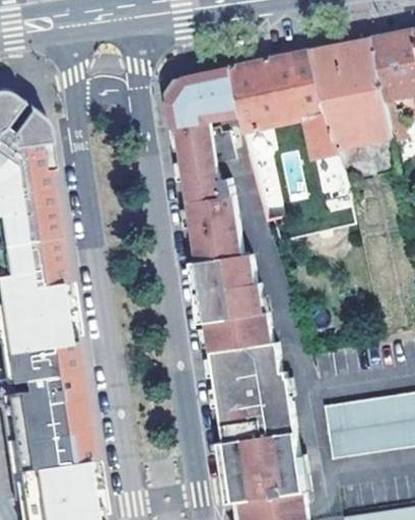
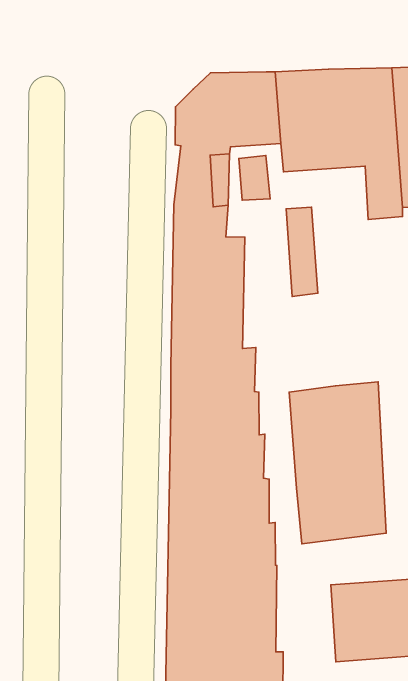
building: none -> [289,382,386,544]

